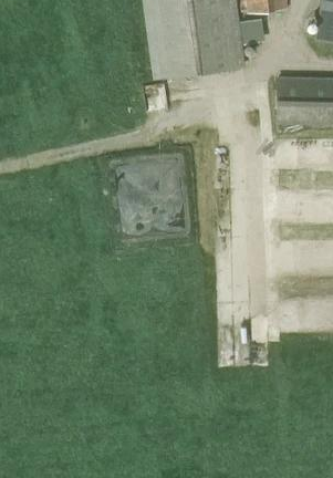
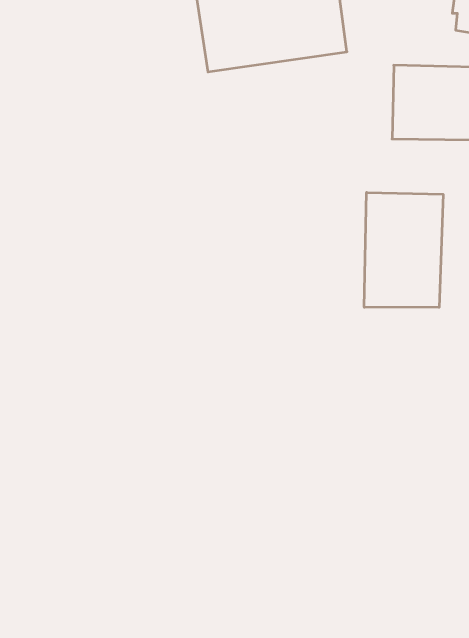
building: none -> [364,192,443,307]

